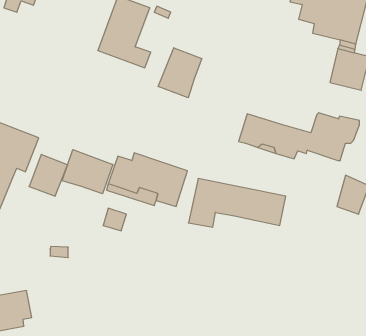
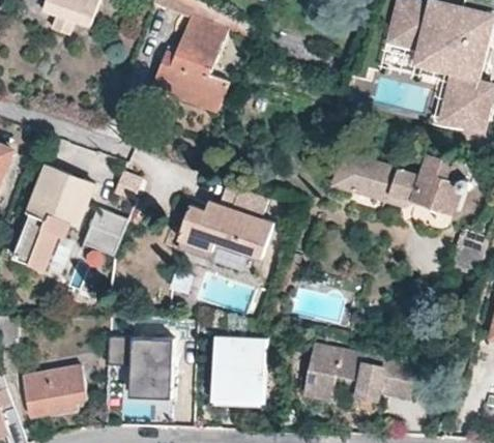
building: [158,48,202,98] -> none
building: [62,150,113,194] -> none
building: [188,179,286,227] -> [301,344,417,402]
building: none -> [211,337,265,398]
building: none -> [128,338,172,398]

